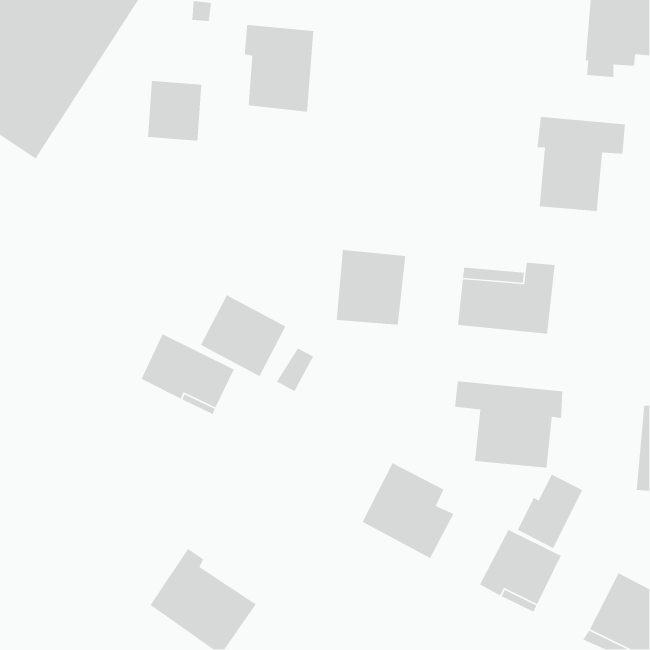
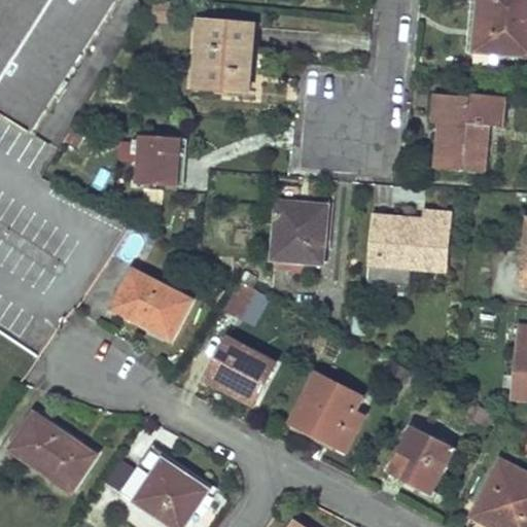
building: [147,80,202,141] -> [135,135,179,184]
building: [200,294,287,377] -> [204,336,274,402]
building: [454,380,563,469] -> none
building: [517,474,583,549] -> none
building: none -> [10,413,94,487]

